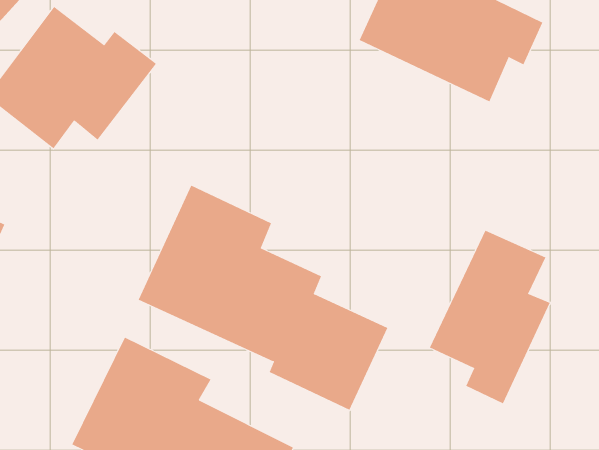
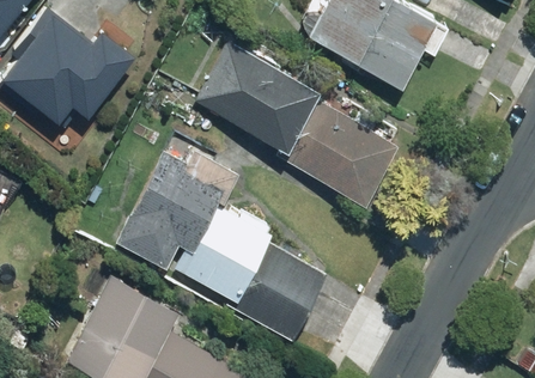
building: none -> [194,39,397,205]
building: [429,230,551,404] -> none

